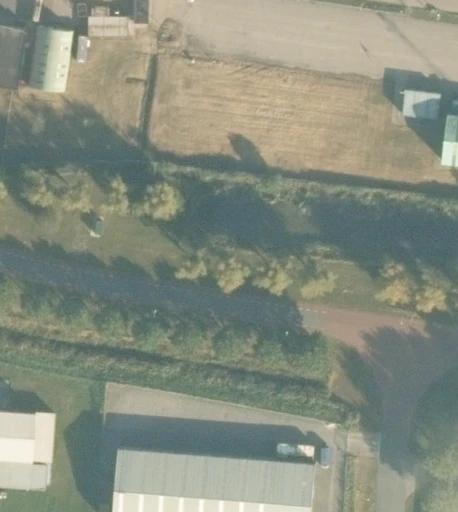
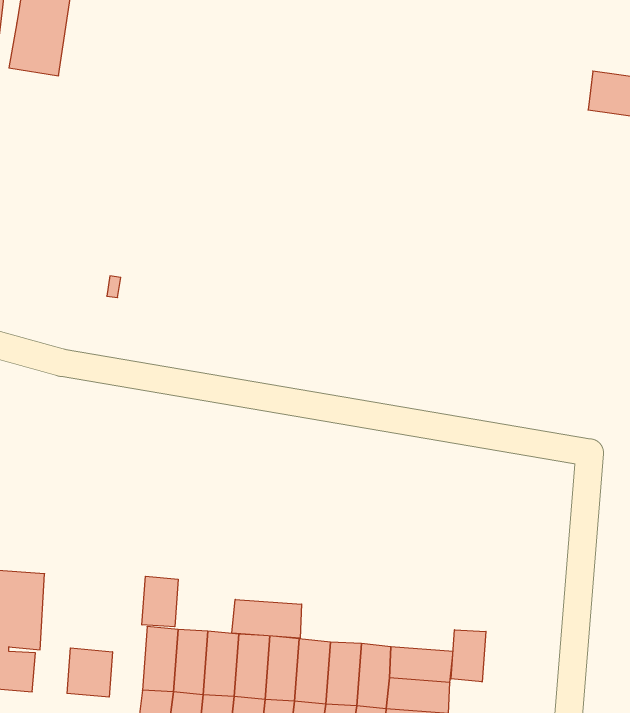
building: none -> [142,576,178,627]
building: none -> [232,599,302,638]
building: none -> [451,630,486,682]
building: none -> [67,648,112,697]

